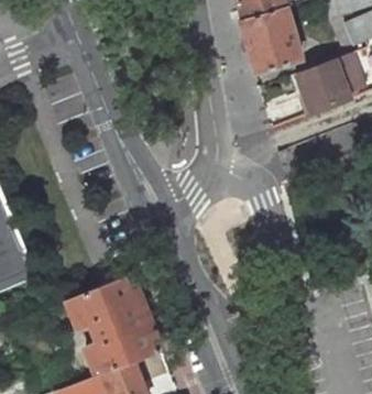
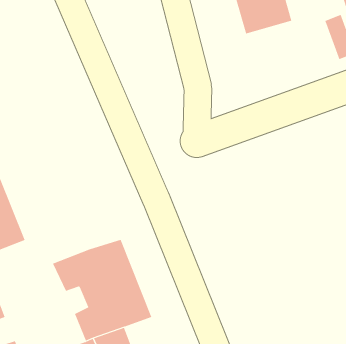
building: [294,59,347,113] -> none

